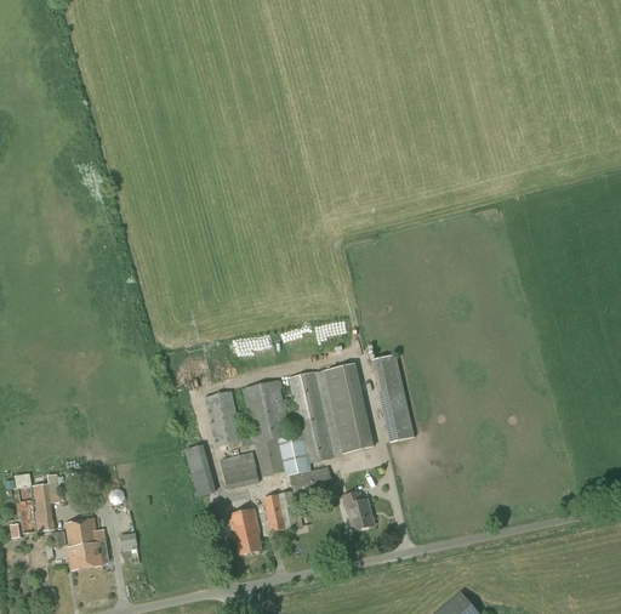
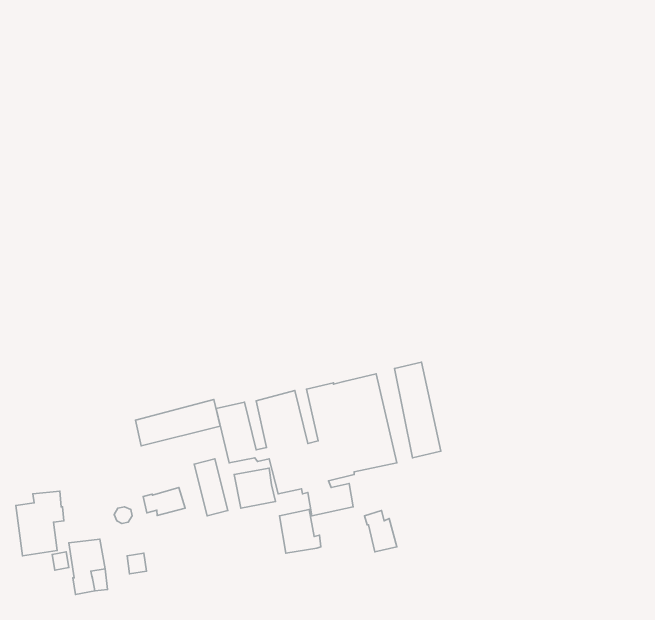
building: none -> [135,399,220,446]
building: none -> [143,487,185,516]
building: [229,508,261,555] -> none

